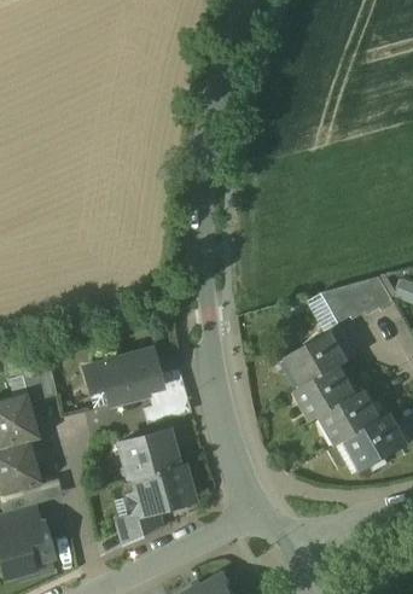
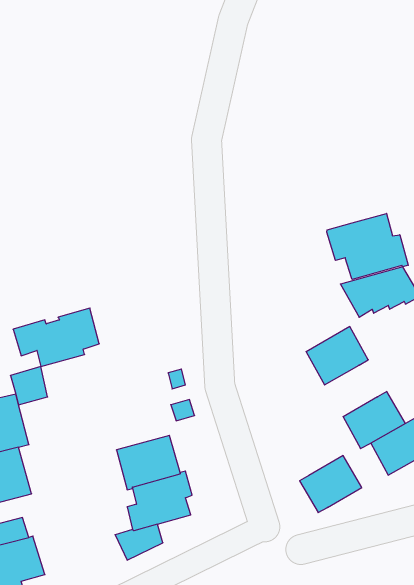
building: none -> [327,213,408,279]
building: [82,351,161,404] -> [13,308,99,366]
building: [299,367,356,419] -> [300,456,362,513]

